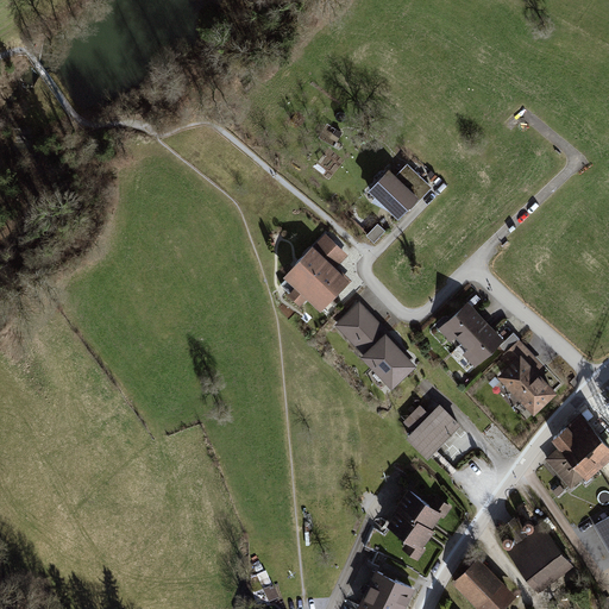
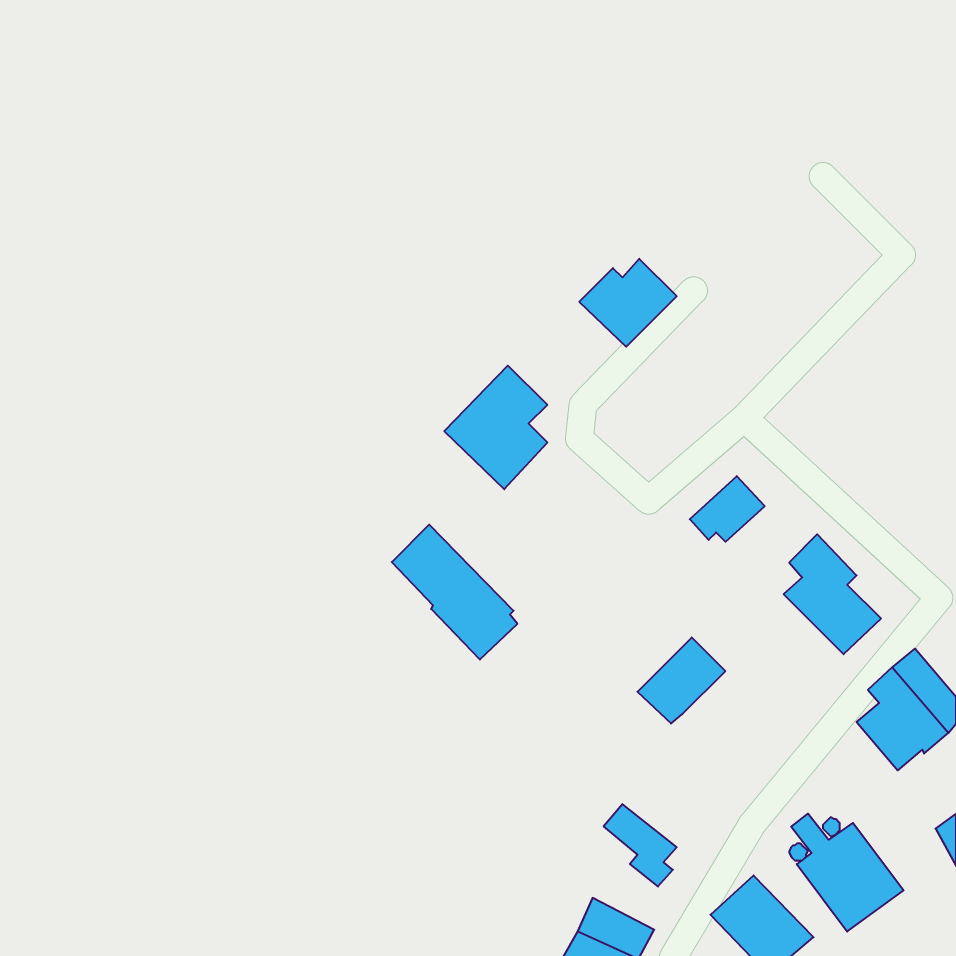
building: [335,304,415,390] -> [392,525,517,660]
building: [460,322,503,369] -> none
building: [389,488,439,539] -> none

